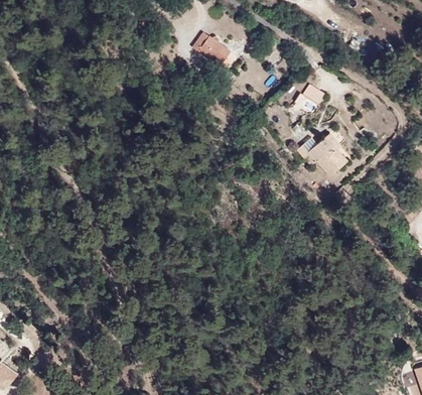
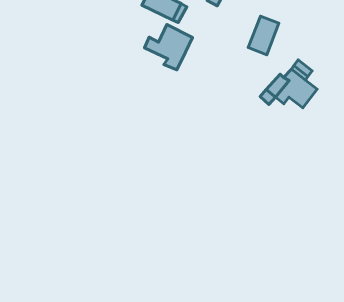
building: none -> [144,25,192,70]

